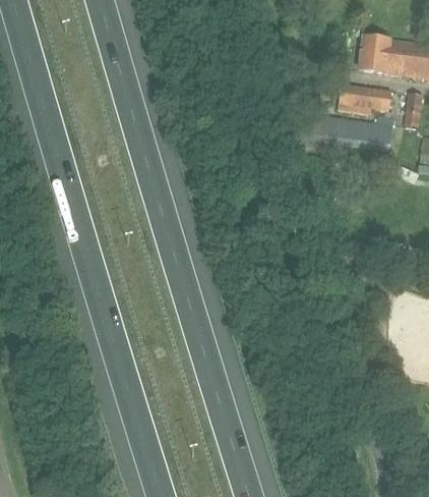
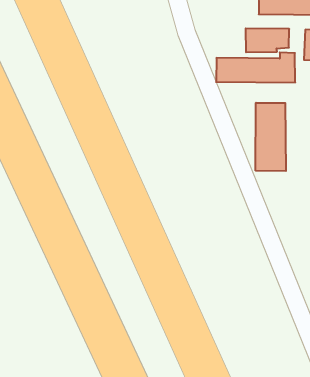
building: none -> [256,103,286,171]

